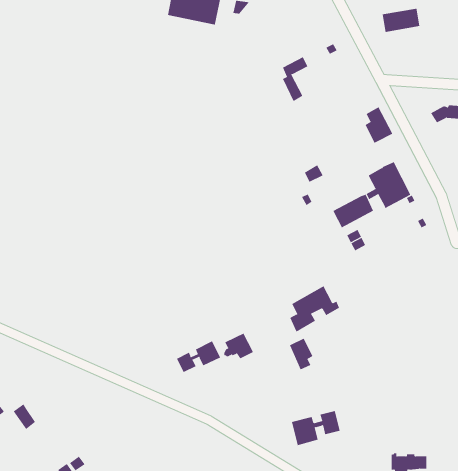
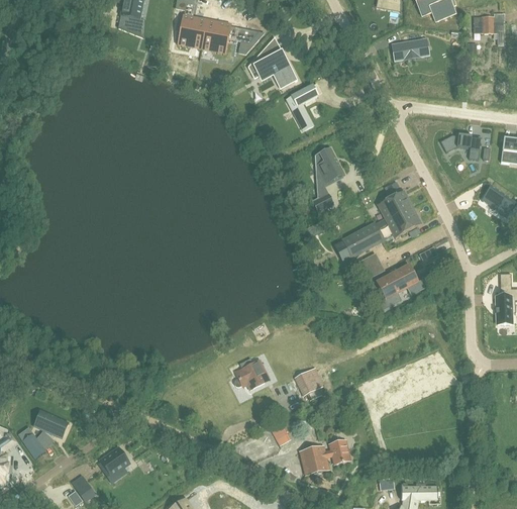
building: none -> [247,44,293,83]
building: [365,107,393,148] -> [316,146,344,188]
building: [289,286,340,332] -> [375,264,425,310]
building: [176,341,221,373] -> none
building: none -> [36,409,69,436]
building: none -> [99,446,130,476]

